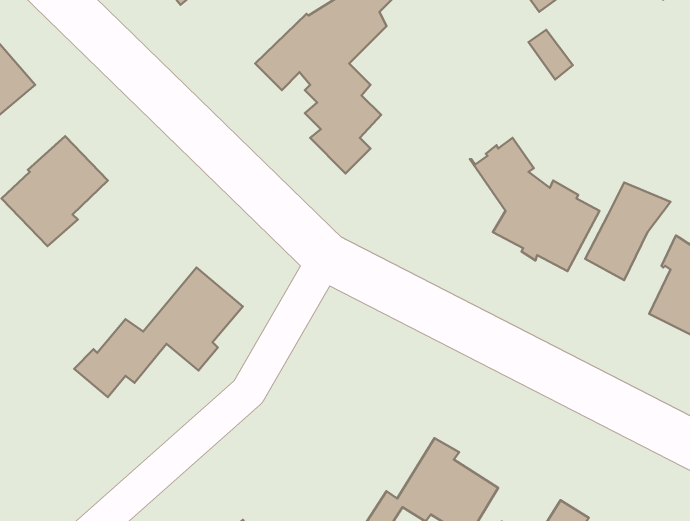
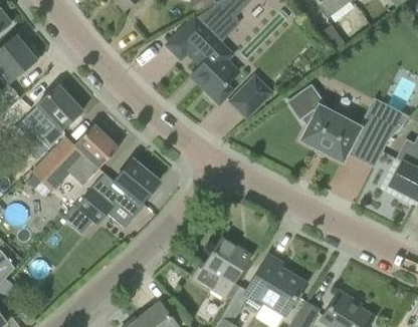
building: none -> [227,78,270,120]
building: none -> [31,124,119,192]
building: none -> [194,238,250,296]

